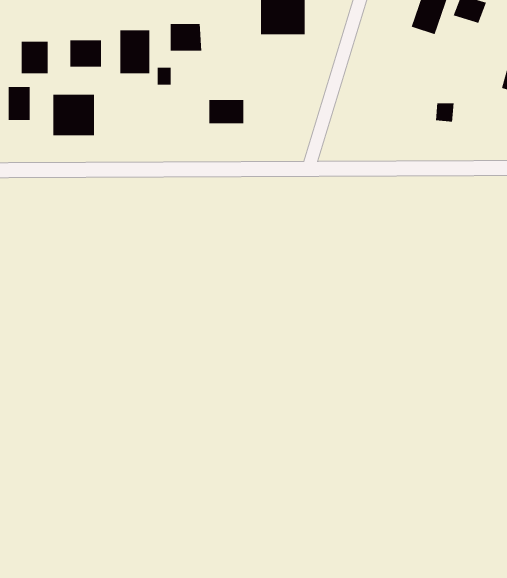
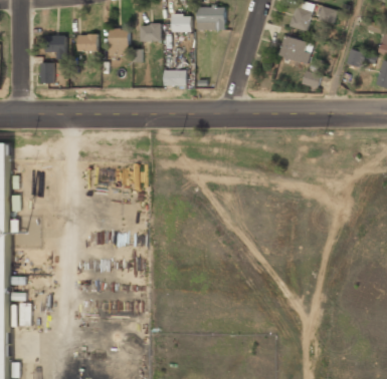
building: none -> [170,15,191,32]
building: none -> [277,35,313,64]
building: [53,94,94,136] -> none

